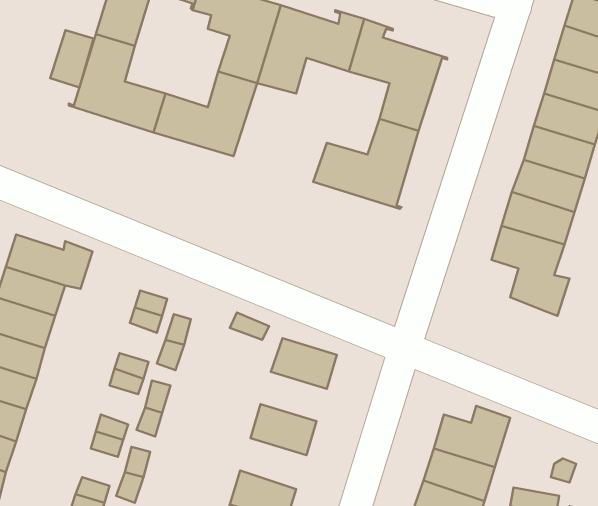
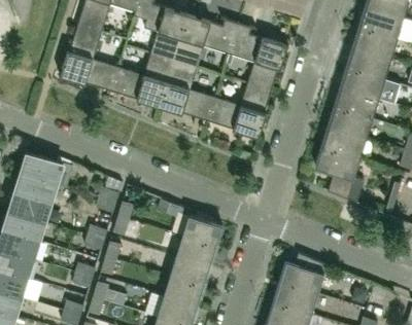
building: [50,30,94,87] -> none
building: none -> [159,61,215,120]
building: none -> [175,236,215,265]
building: none -> [163,276,203,306]

